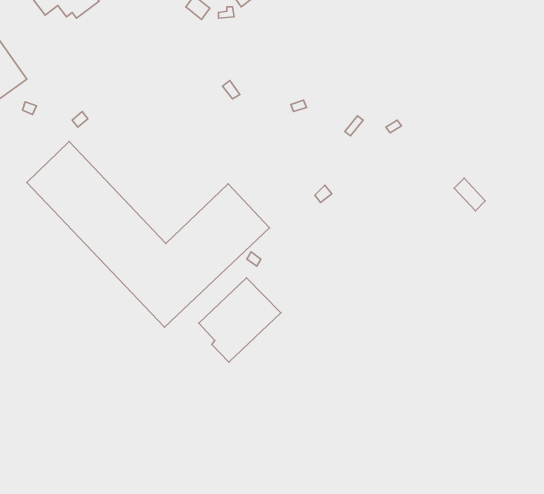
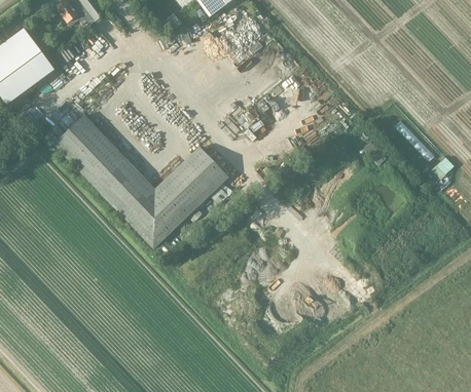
building: [199,278,281,362] -> none

